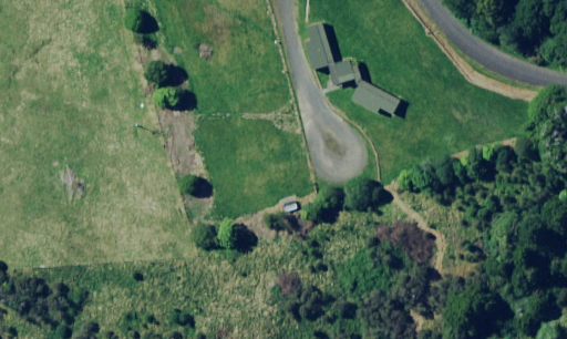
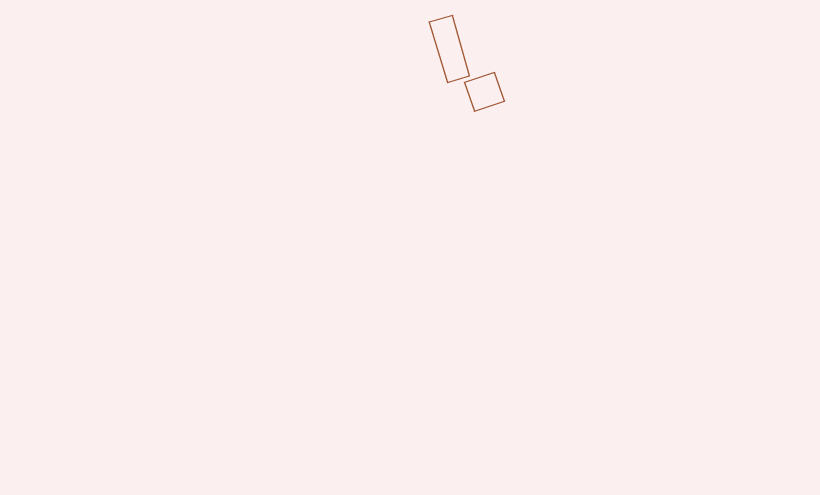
building: [354,80,400,114] -> none

